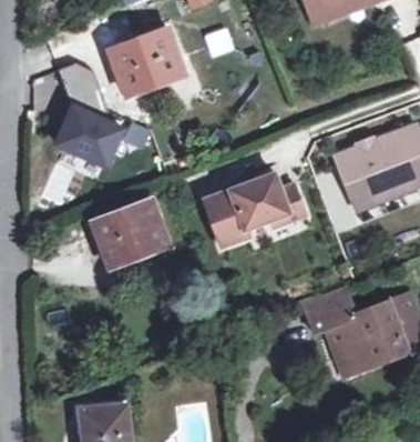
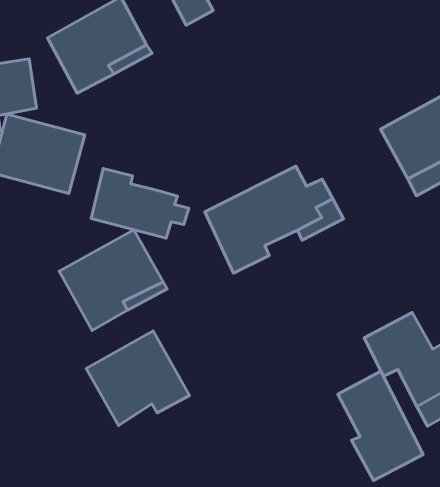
building: none -> [91,168,189,238]
building: none -> [86,331,190,426]
building: none -> [338,371,423,480]

